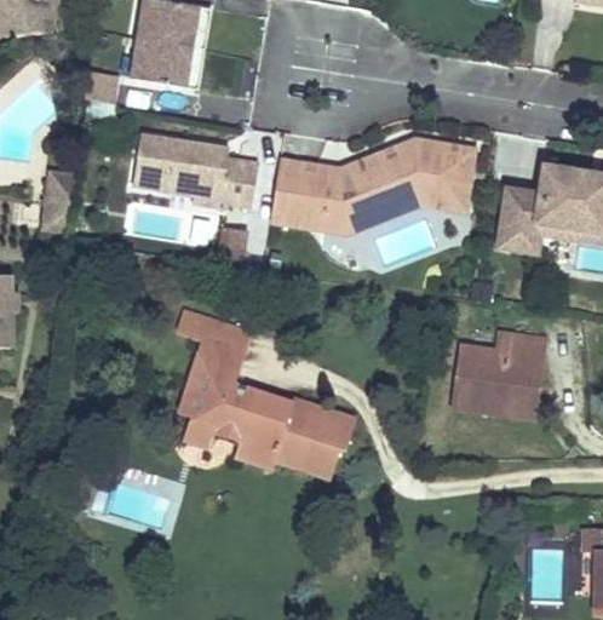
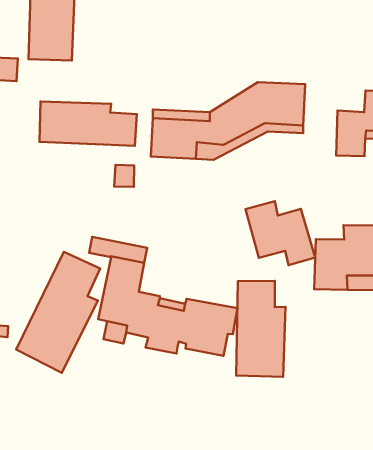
building: none -> [245,201,315,265]
building: none -> [16,252,100,373]
building: none -> [236,281,285,377]

